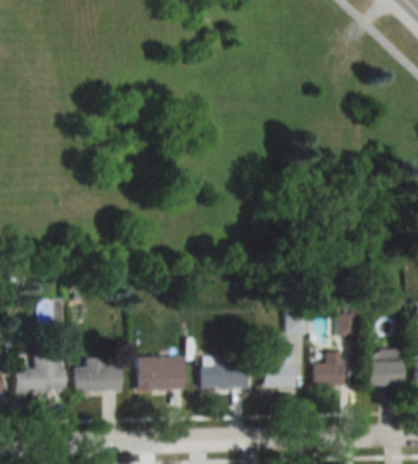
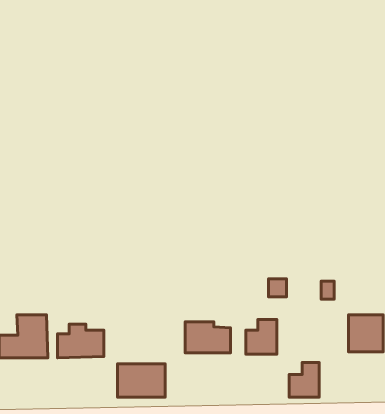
building: [314,351,343,386] -> [289,363,319,397]
building: [138,356,185,389] -> [117,364,165,397]

